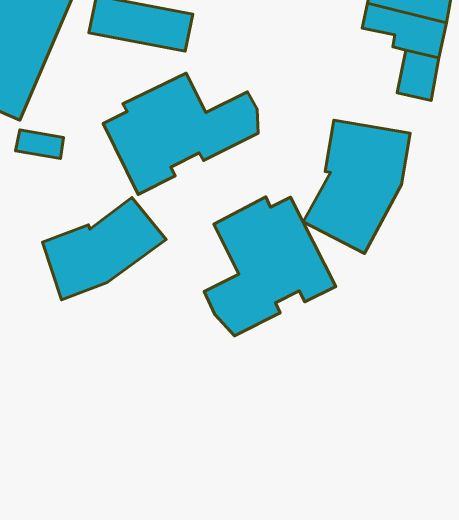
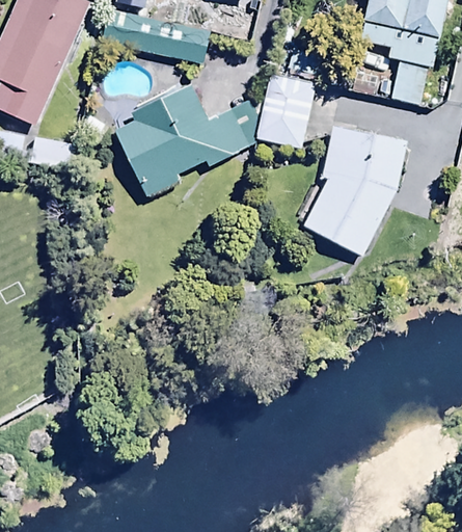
building: none -> [261,71,318,149]
building: [204,197,336,336] -> none
building: [43,198,166,300] -> none

